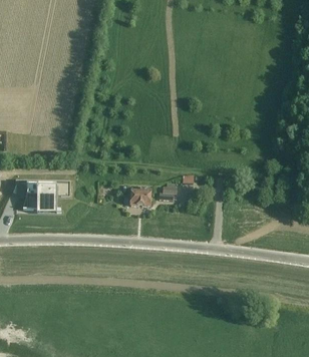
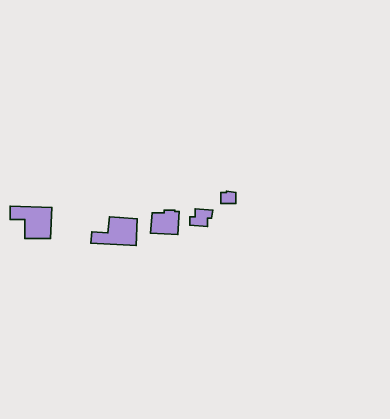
building: none -> [91,217,137,246]

